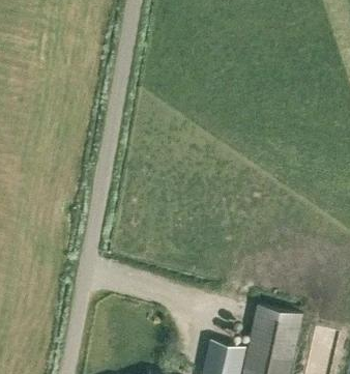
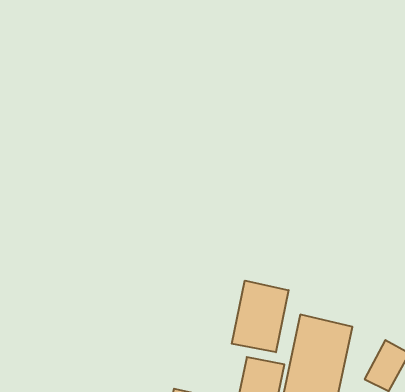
building: none -> [232,281,289,352]

